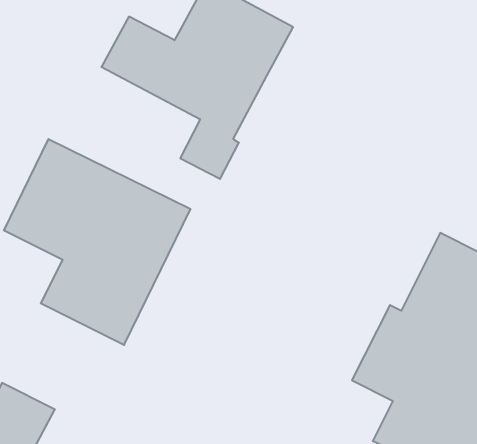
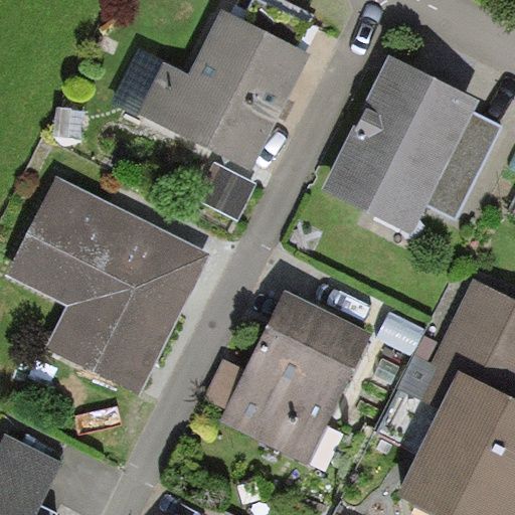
building: none -> [323,58,501,235]
building: none -> [208,293,371,460]

